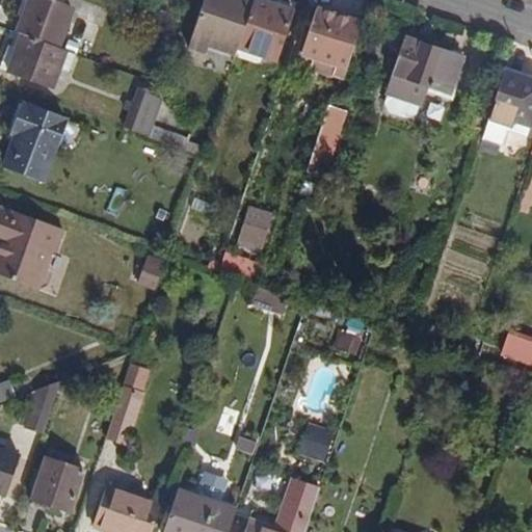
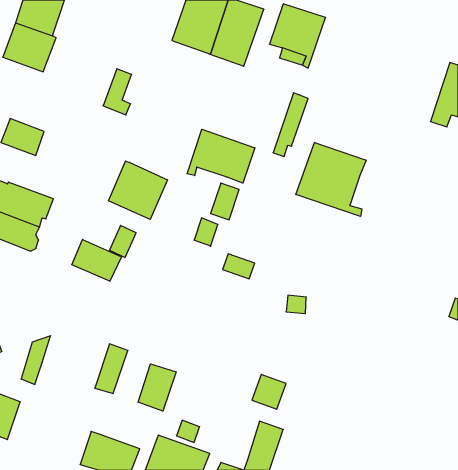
building: [392,31,470,122] -> none
building: [10,98,63,149] -> none
building: none -> [187,129,255,183]
building: none -> [296,142,366,216]
building: none -> [108,161,167,219]
building: none -> [72,239,121,281]
building: none -> [138,364,176,411]
building: [32,458,86,513] -> none

